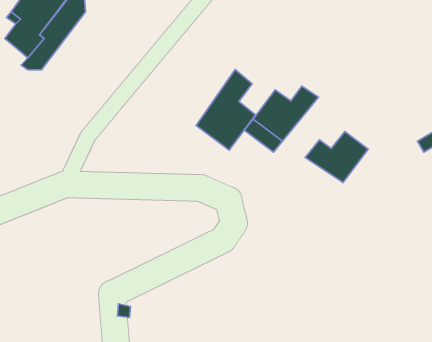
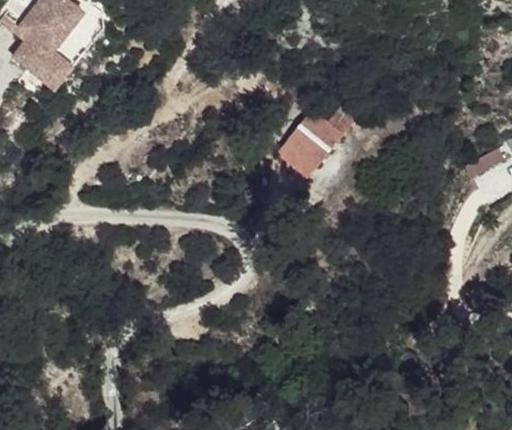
building: [196,70,256,150] -> none
building: [305,131,368,183] -> none

